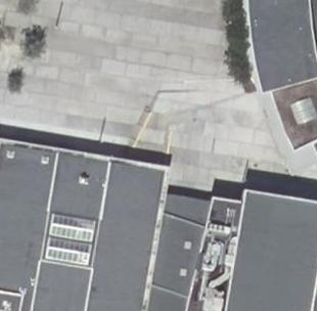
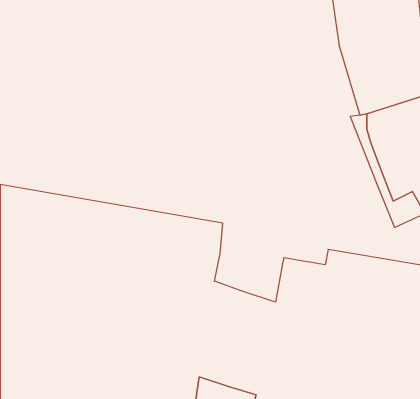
building: [160,192,210,228] -> none

